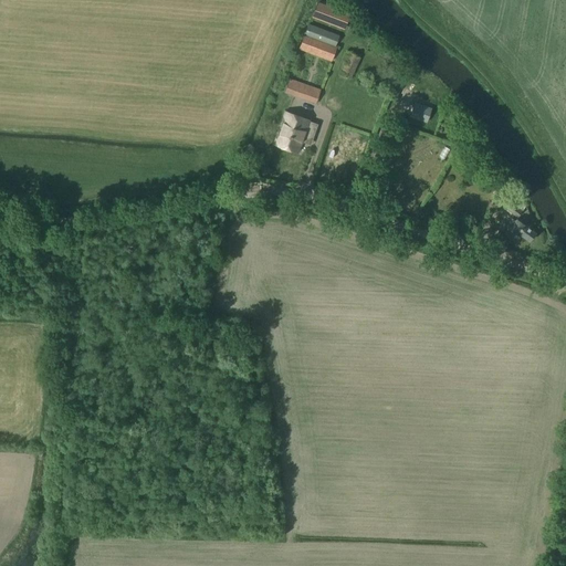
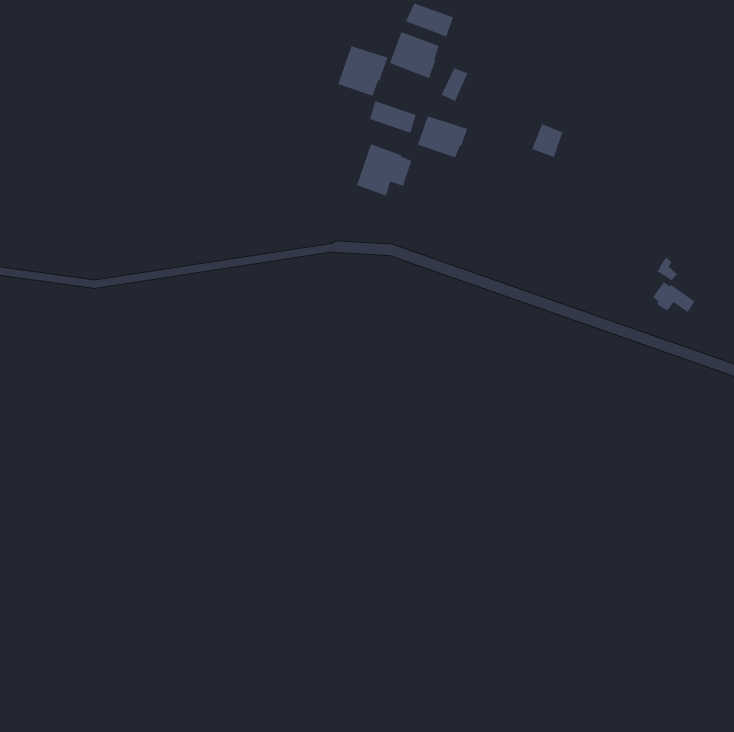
building: none -> [337,46,388,97]
building: none -> [417,115,468,158]

